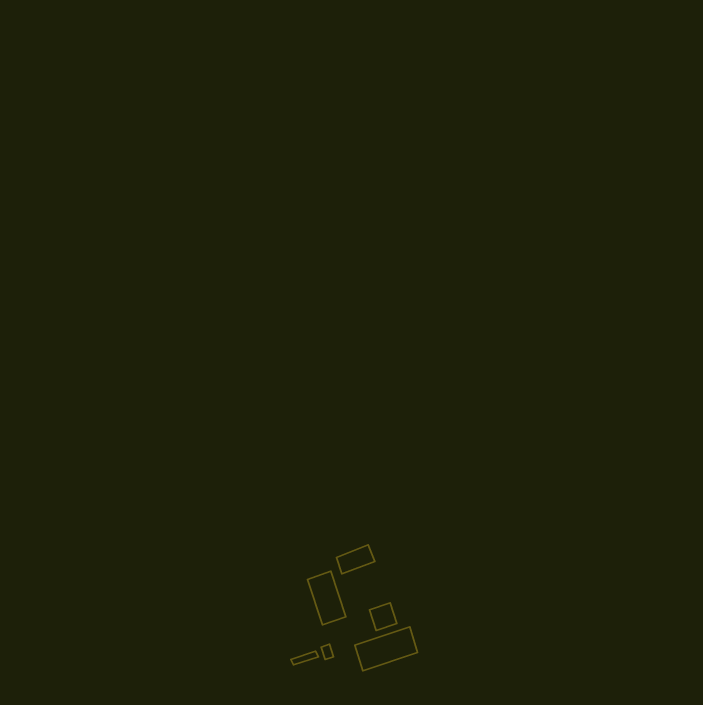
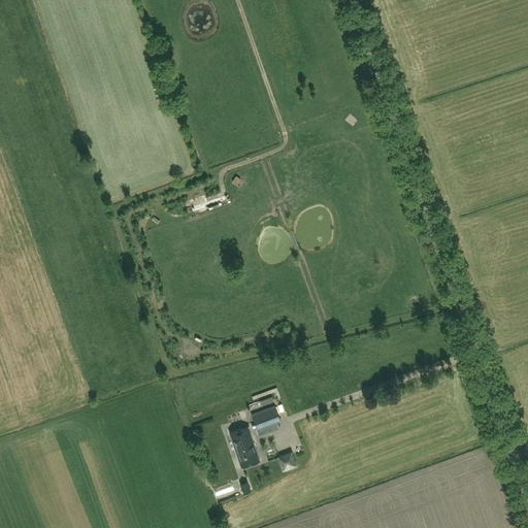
building: [355,627,418,671] -> none

